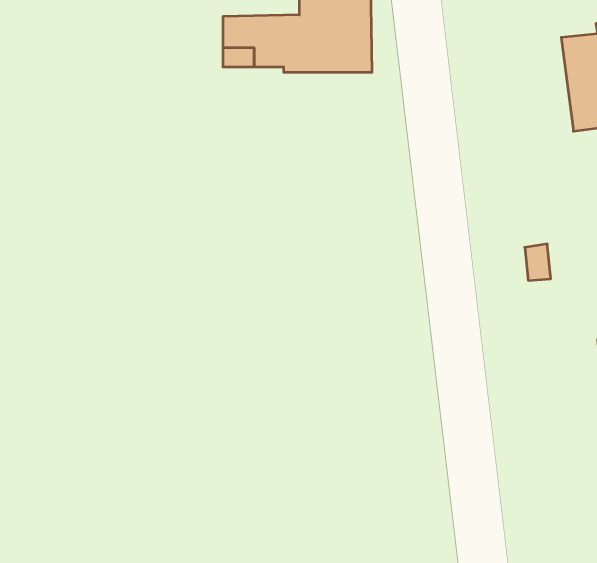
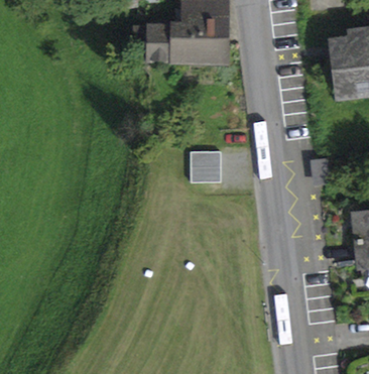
building: none -> [191,152,221,182]

